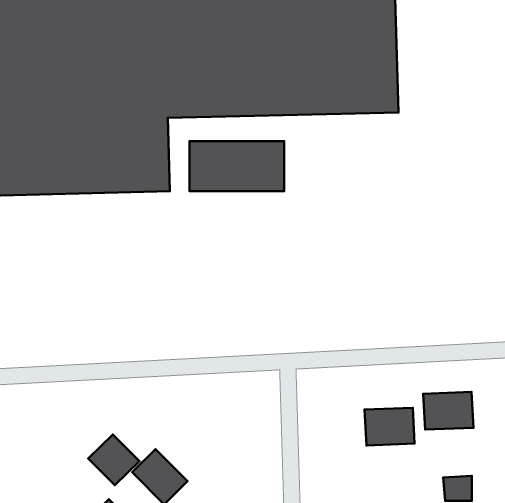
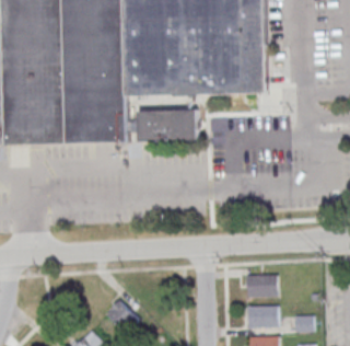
building: [423,392,473,429] -> [247,303,278,326]
building: [88,434,139,485] -> none

